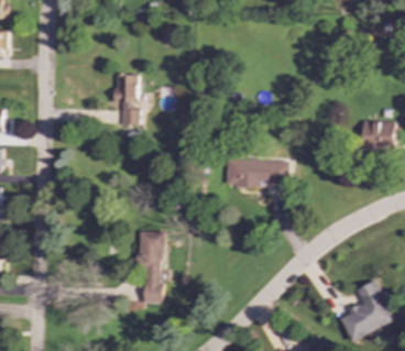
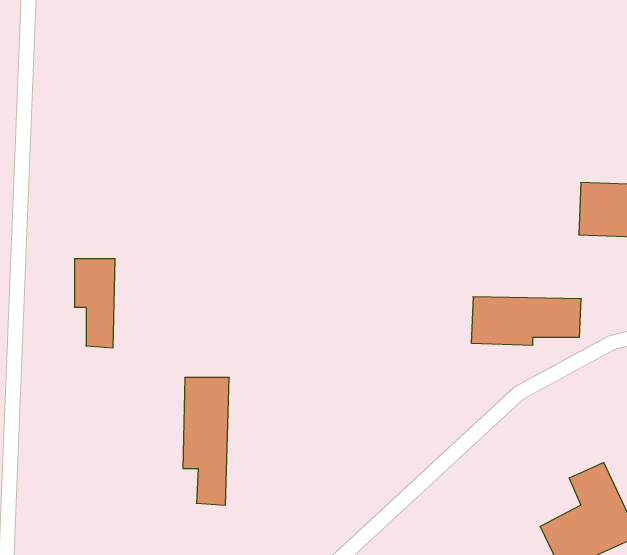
building: [116,75,139,125] -> [74,259,115,348]
building: [226,160,288,187] -> [471,297,581,345]

